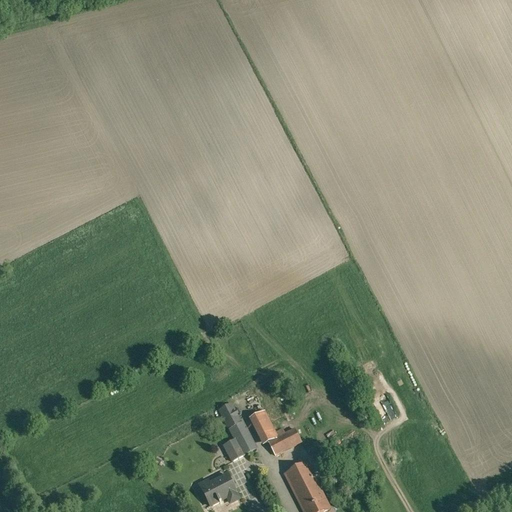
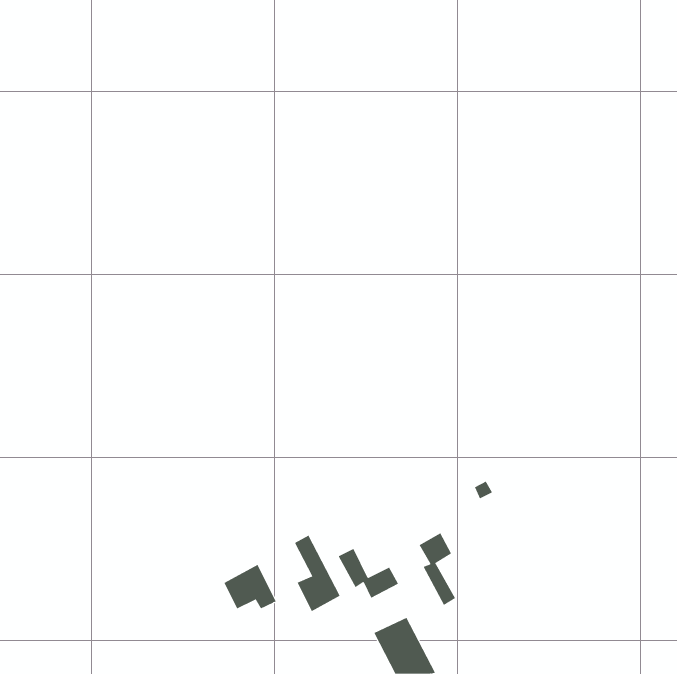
building: none -> [419,533,456,606]
building: [198,470,238,504] -> [223,564,276,609]

